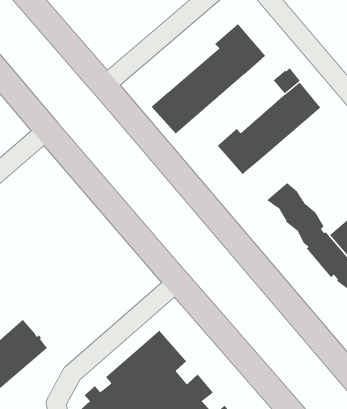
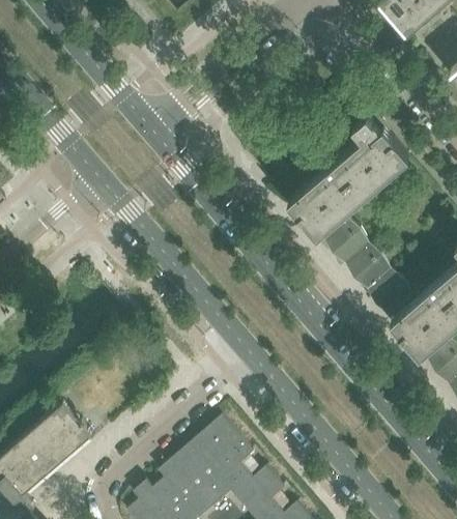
building: [151,23,266,134] -> none
building: none -> [320,219,369,266]

